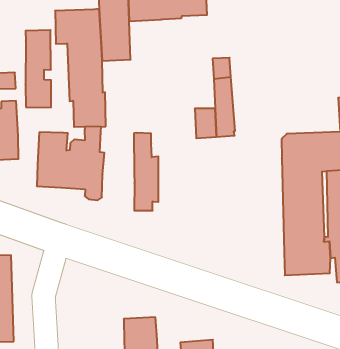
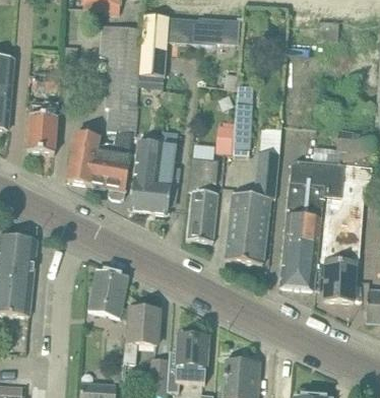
building: [25,30,51,107] -> [129,140,160,211]
building: none -> [225,150,276,262]
building: none -> [187,156,218,240]
building: none -> [87,267,128,315]

